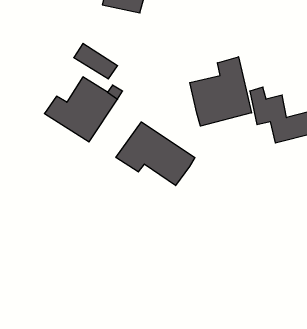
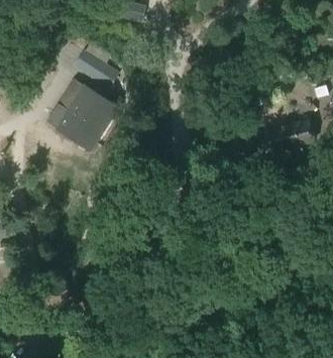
building: [190,57,252,126] -> none
building: [116,122,195,186] -> none

